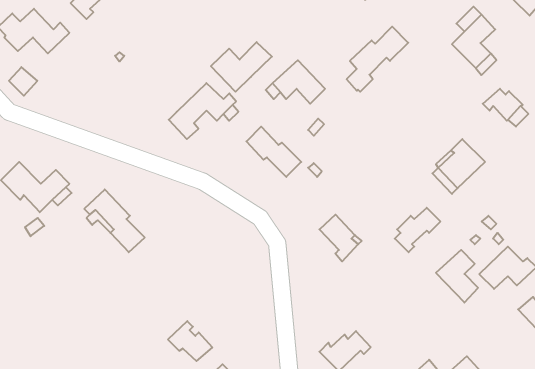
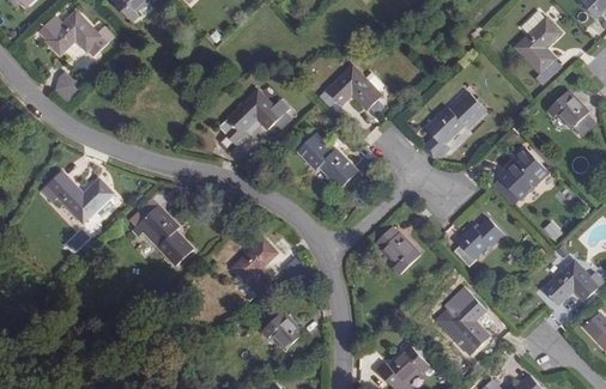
building: [347,27,408,92] -> [422,92,486,160]
building: [211,42,272,92] -> none
building: none -> [232,238,278,293]
building: [436,250,478,303] -> [446,296,490,351]
building: [168,321,212,361] -> [256,306,303,348]

